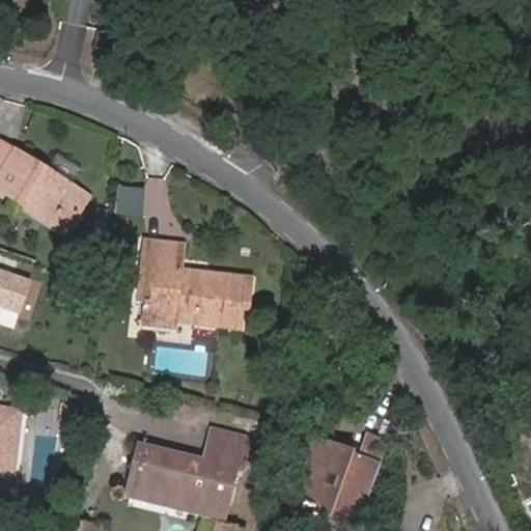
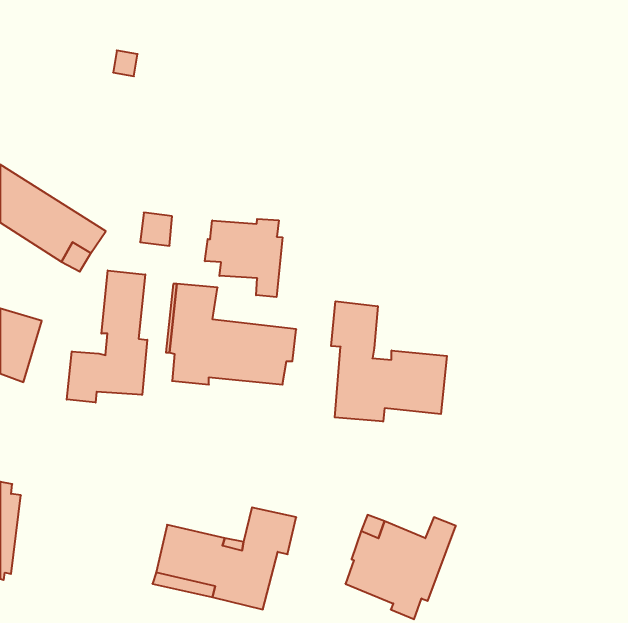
building: none -> [205,219,282,297]
building: none -> [67,270,147,403]
building: none -> [331,301,447,422]

